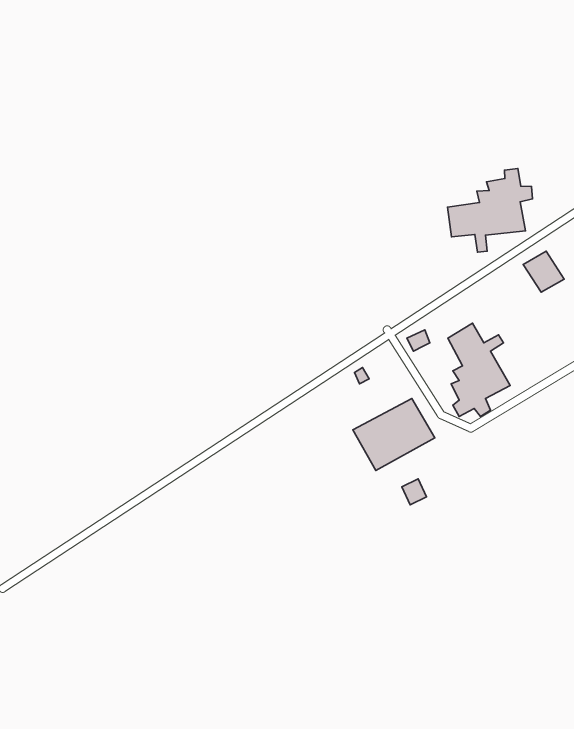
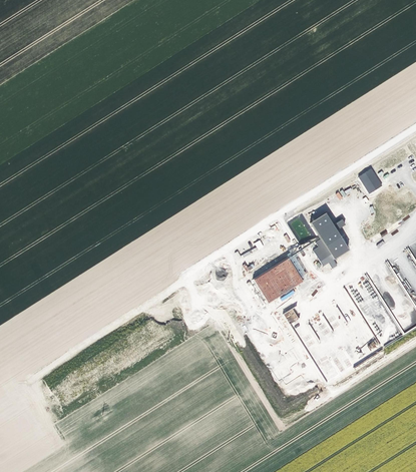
building: [448,169,533,252] -> none

